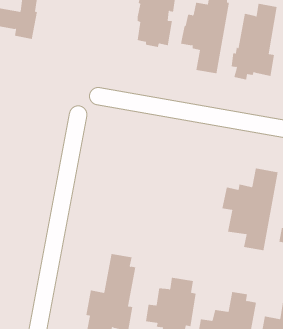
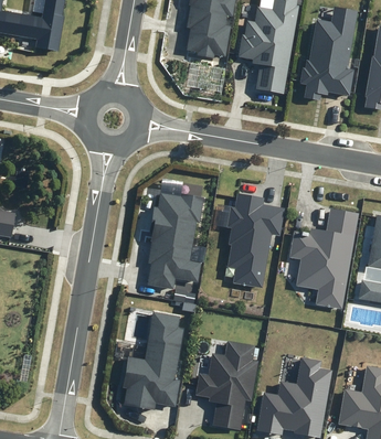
building: none -> [146,193,203,290]
building: none -> [225,193,285,288]

